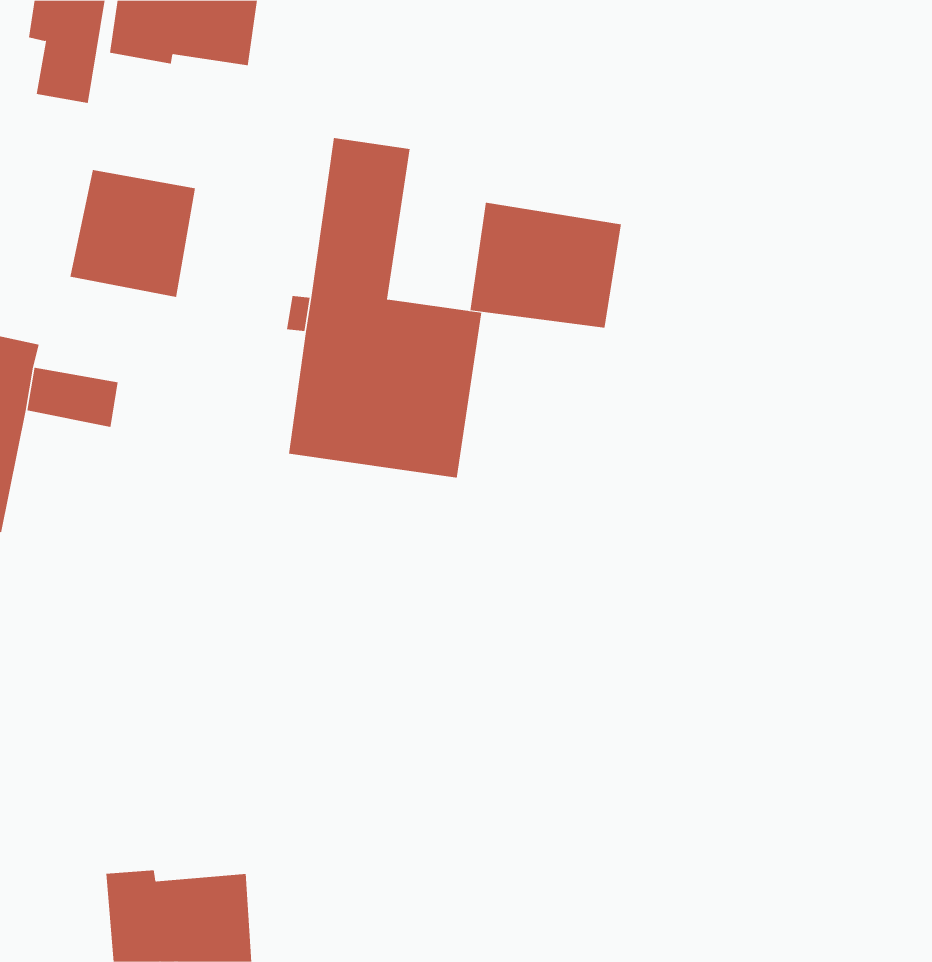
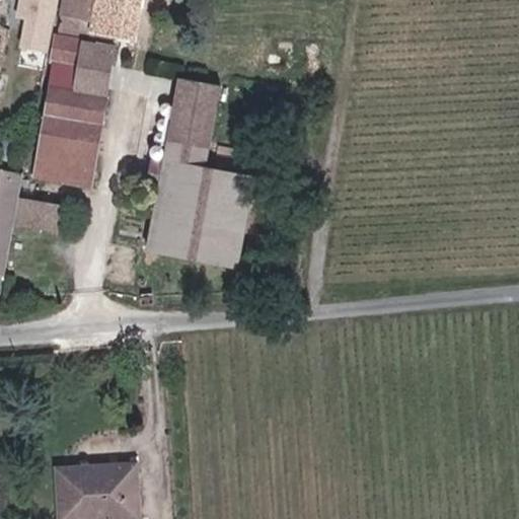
building: none -> [50,33,115,101]
building: [470,202,621,329] -> none
building: none -> [33,149,95,186]

